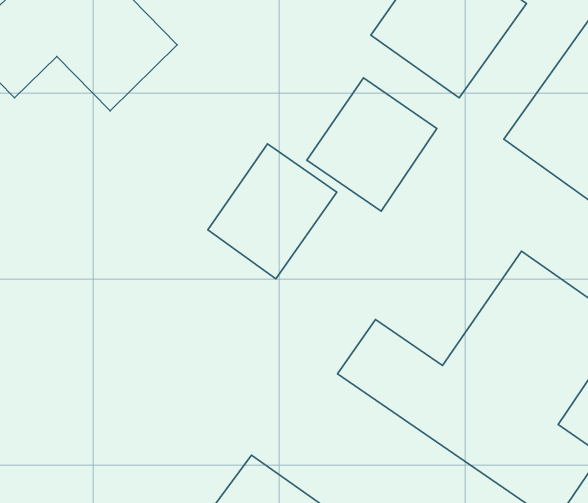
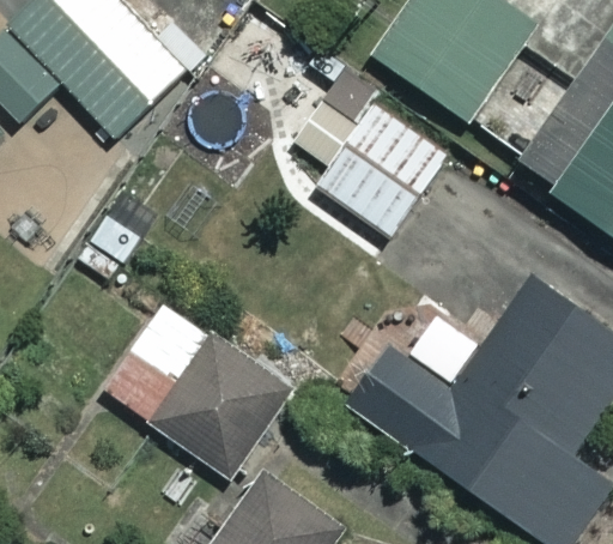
building: [208,144,337,279] -> none
building: none -> [101,301,291,479]

